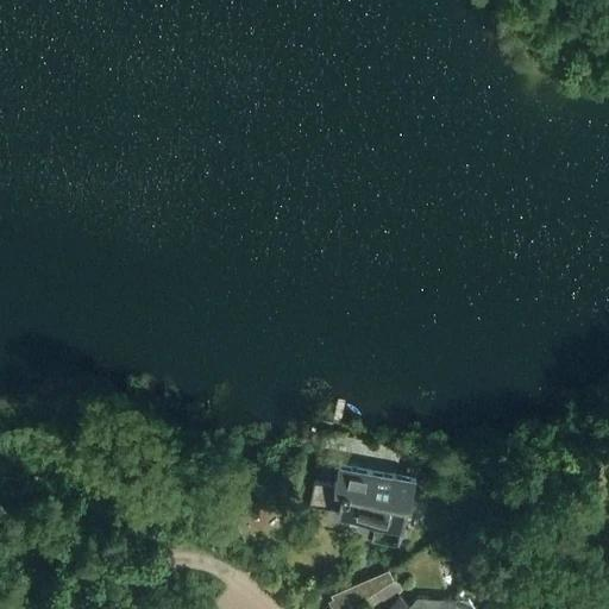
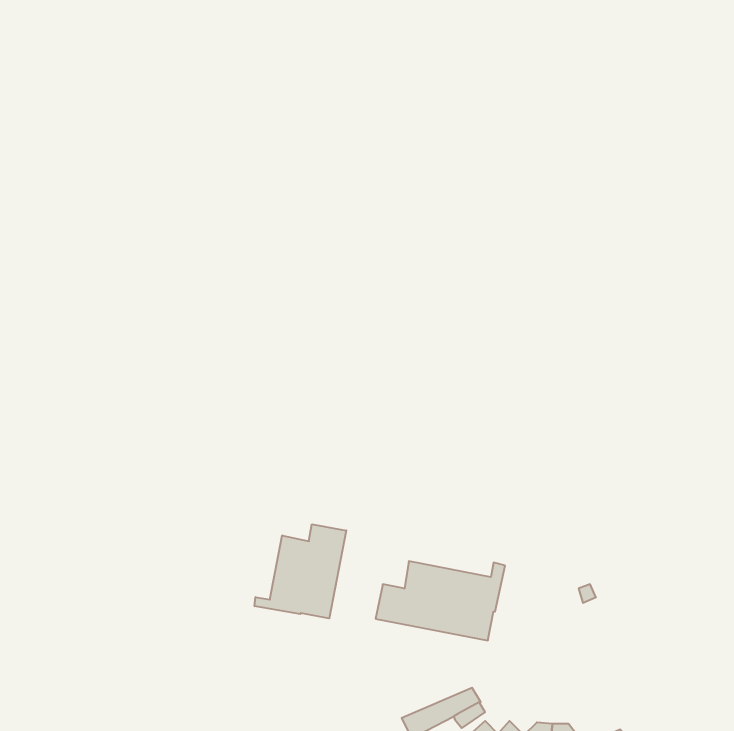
building: none -> [255,524,346,618]

